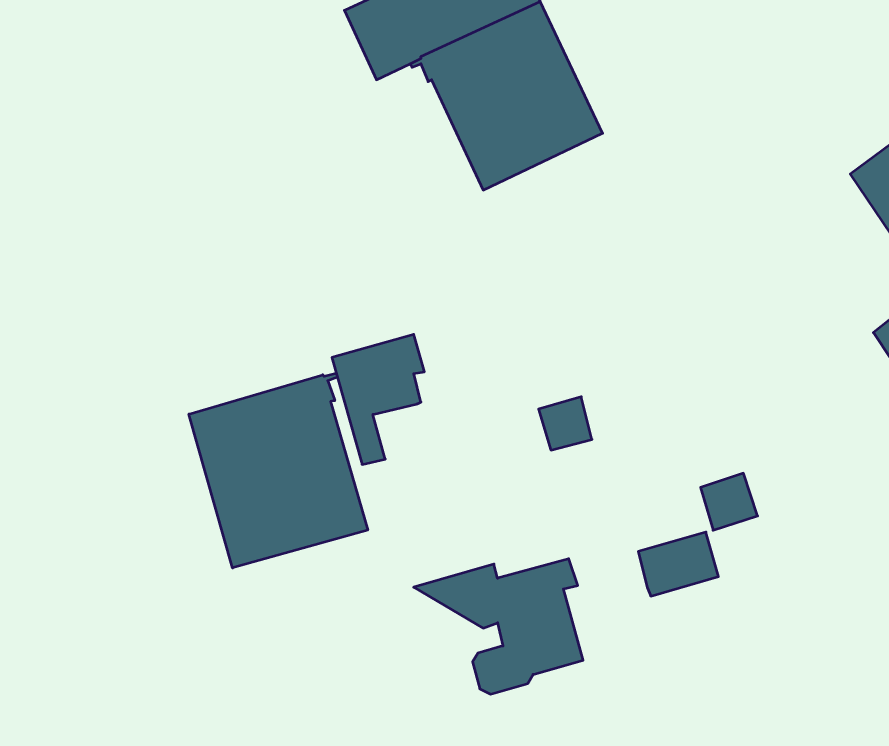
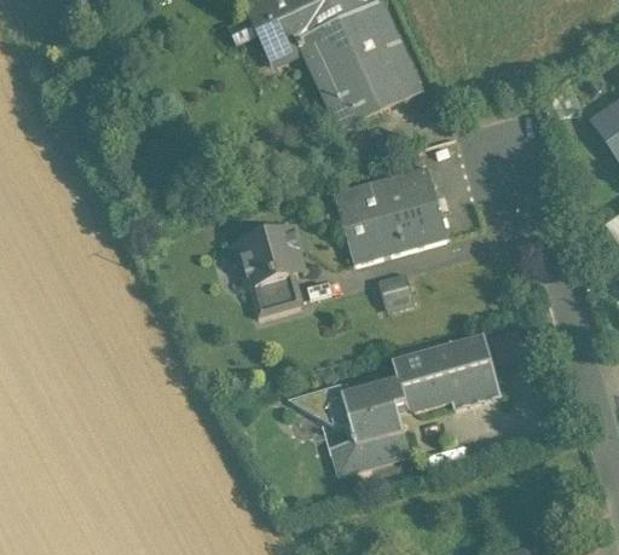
building: none -> [335,164,450,264]
building: [189,373,368,568] -> none
building: none -> [266,274,305,312]
building: none -> [393,335,492,409]

